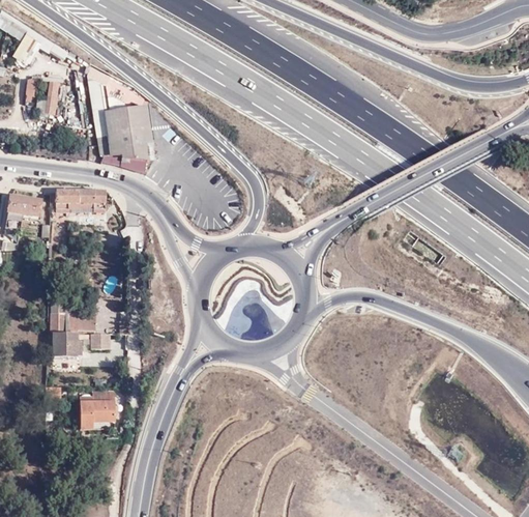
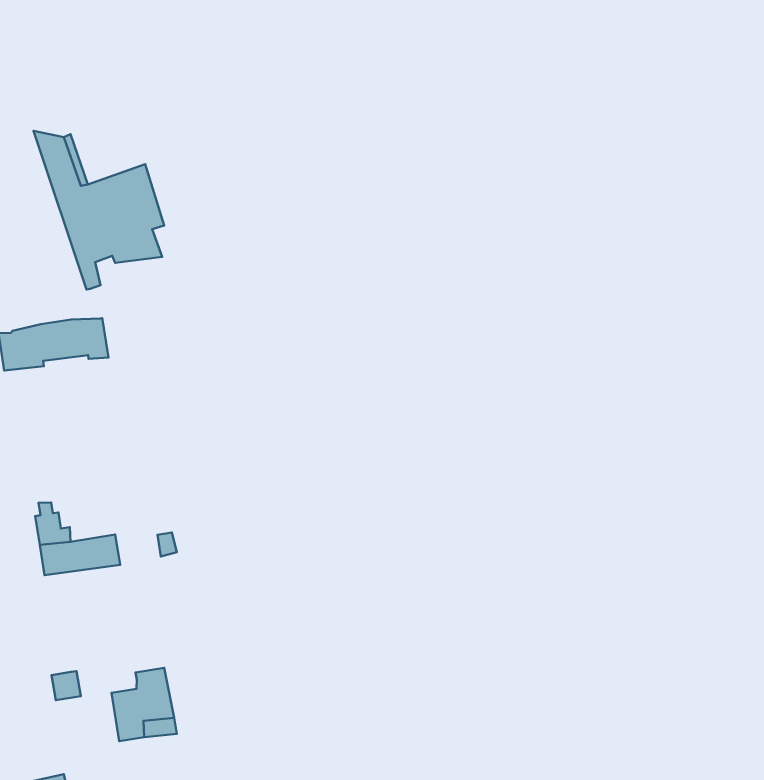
building: [53,333,111,357] -> none

